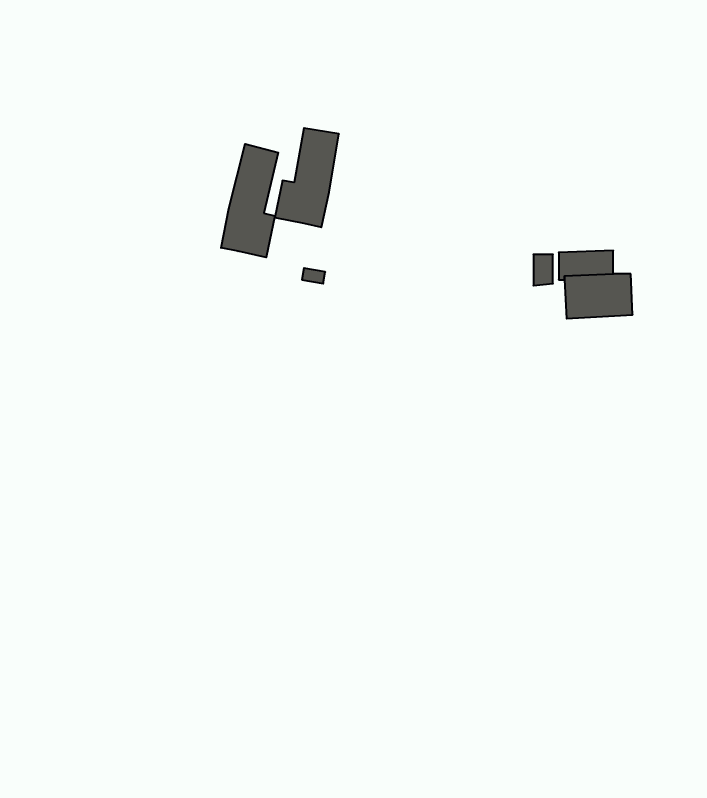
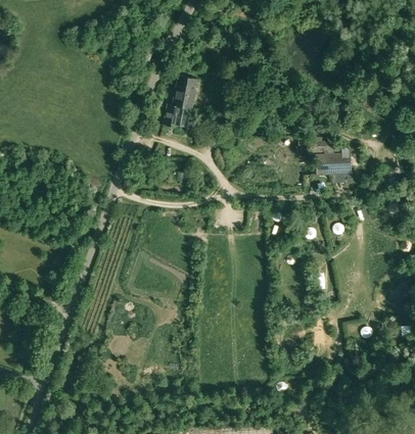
building: [221,144,278,257] -> none

